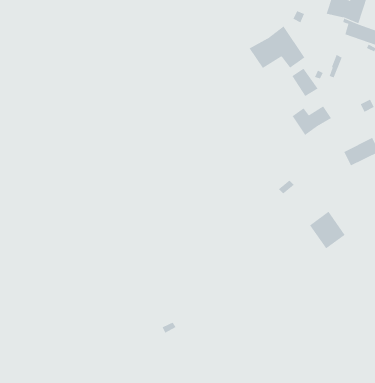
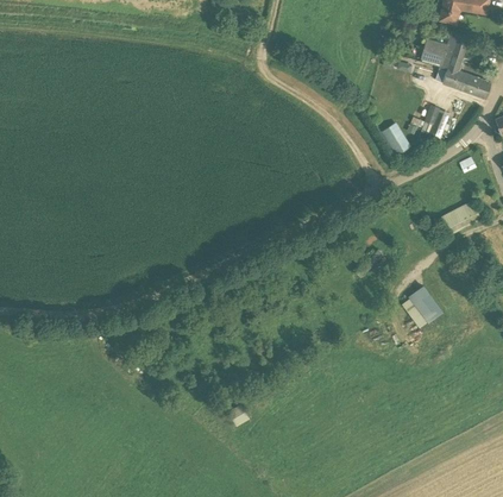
building: [249,25,305,69] -> none
building: [292,106,332,136] -> none

